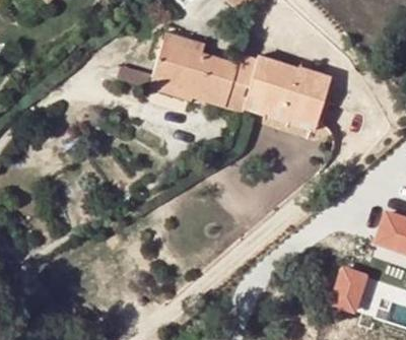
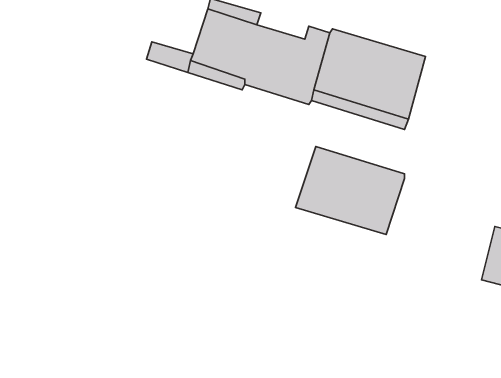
building: none -> [296,146,405,235]
building: [324,261,368,312] -> none

